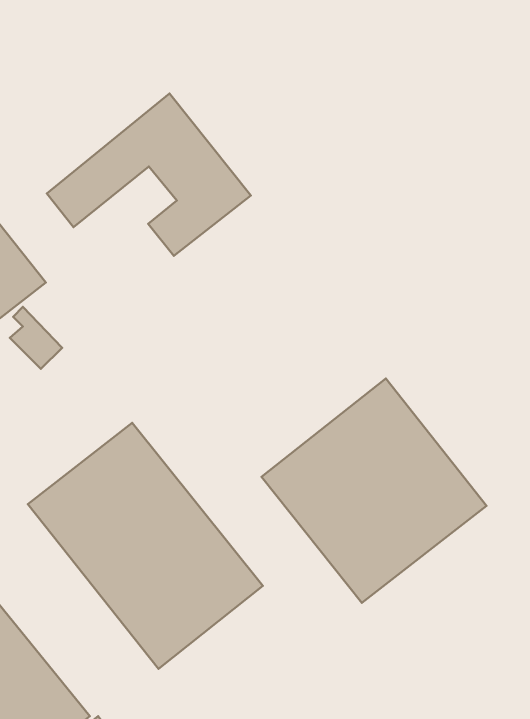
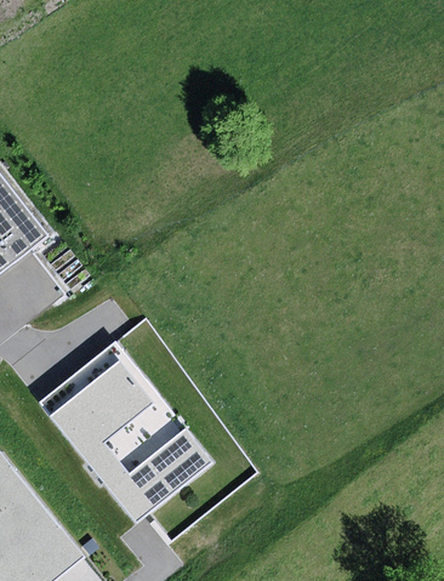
building: [47,94,251,256] -> none
building: [261,378,486,603] -> none

